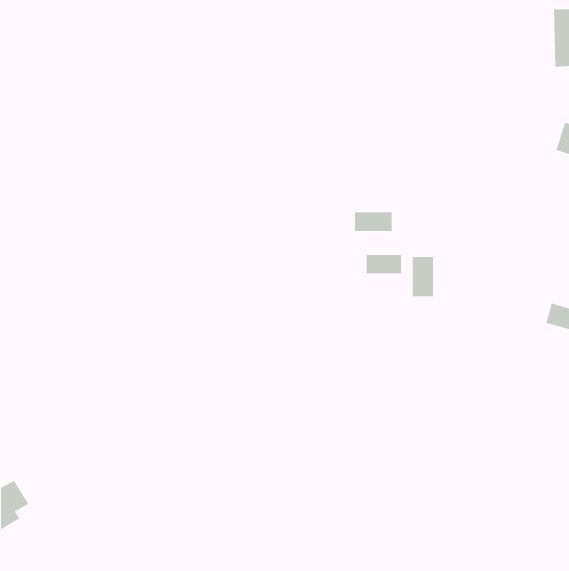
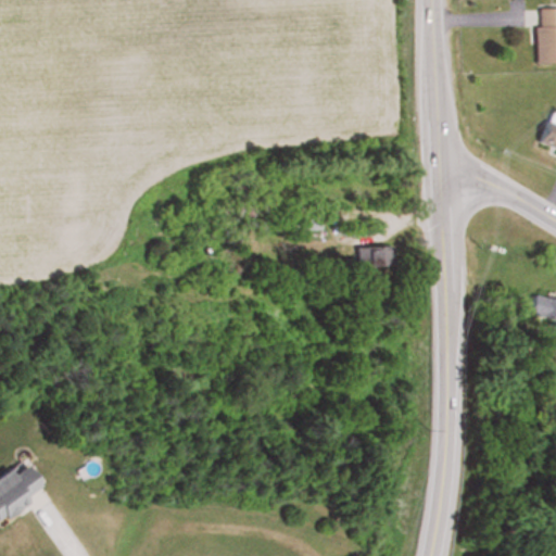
building: [355,211,392,232] -> none
building: [412,256,434,297] -> none

